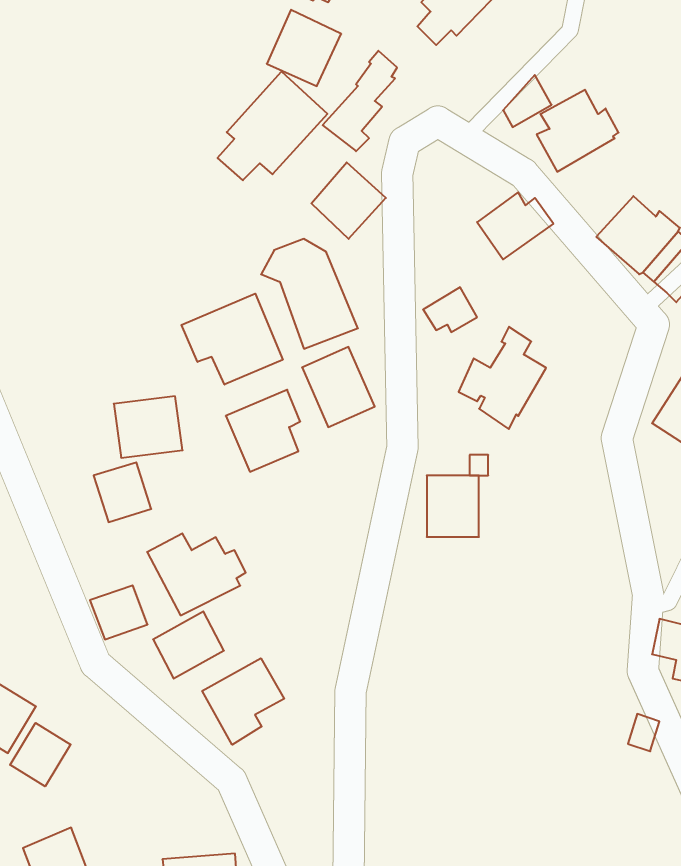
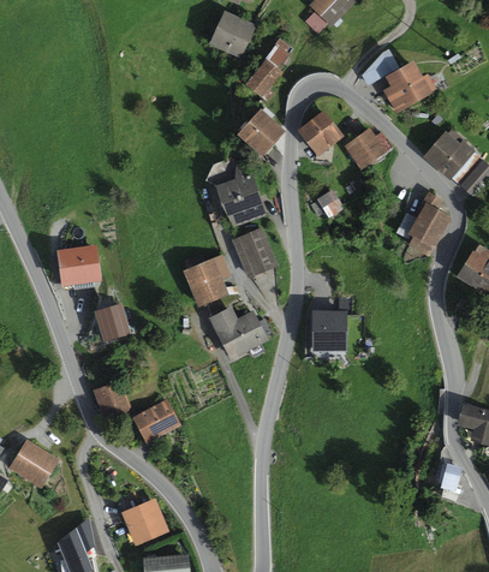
building: [218,72,327,180] -> none
building: none -> [297,111,344,156]
building: [181,294,283,385] -> none
building: [459,327,546,429] -> [395,191,452,257]
building: [114,396,183,458] -> [56,246,101,286]
building: [147,533,246,615] -> [208,306,272,359]
building: [202,658,284,745] -> none
building: [10,723,71,786] -> none
building: none -> [120,497,169,547]

